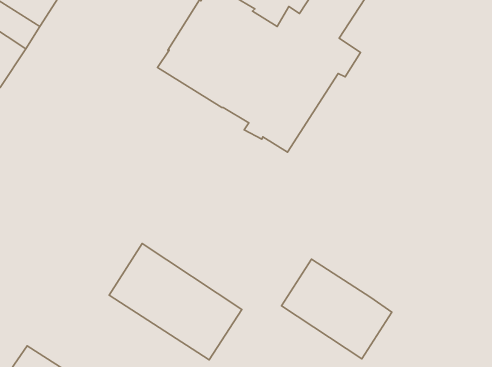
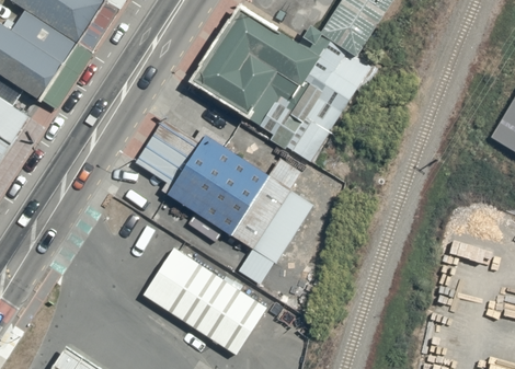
building: none -> [135,123,313,285]
building: [282,259,392,359] -> none

